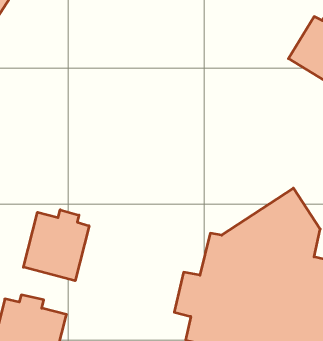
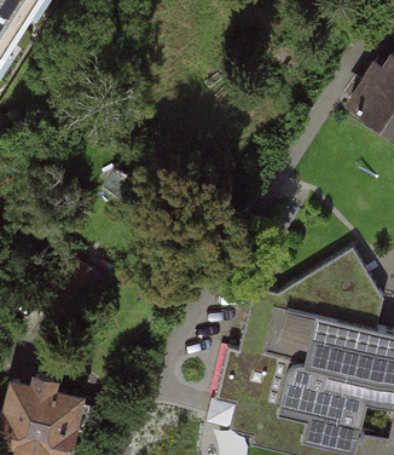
building: [23,210,89,281] -> none

